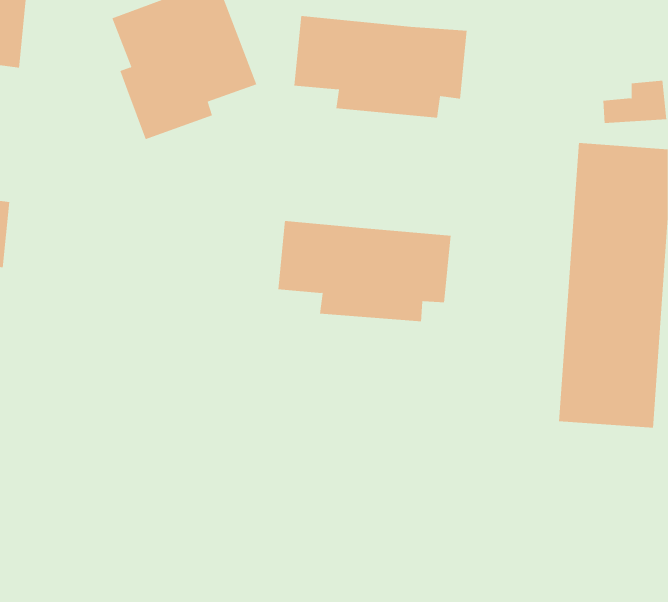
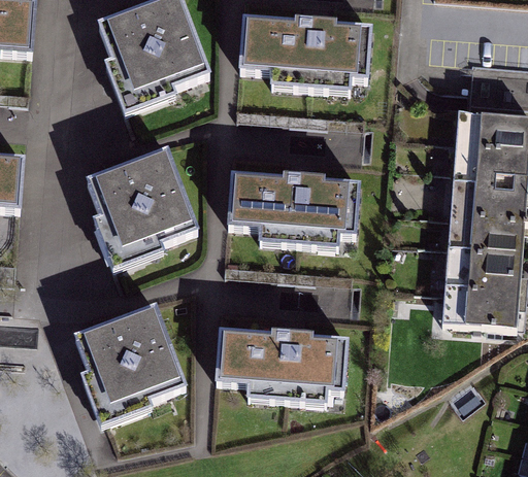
building: none -> [87,146,198,270]
building: none -> [73,300,185,423]
building: none -> [219,325,351,402]

